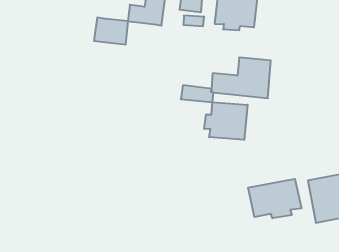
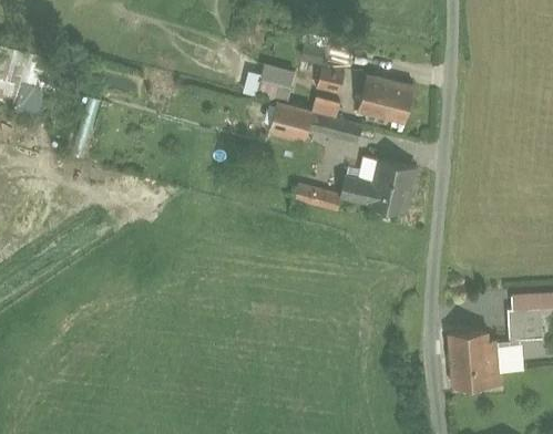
building: [94,17,128,45] -> [266,99,315,140]
building: [204,102,248,140] -> none
building: [248,179,301,218] -> none

